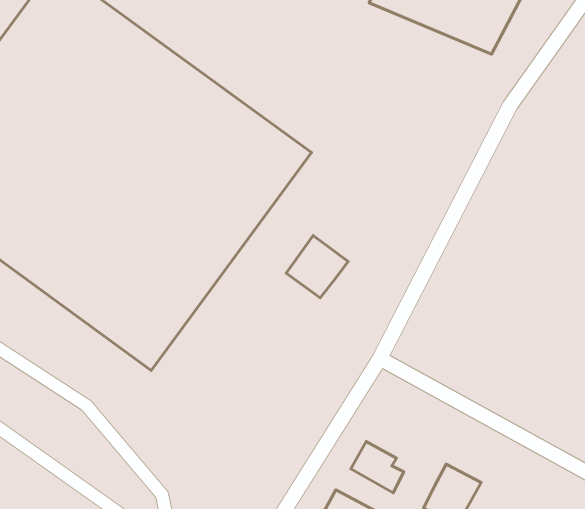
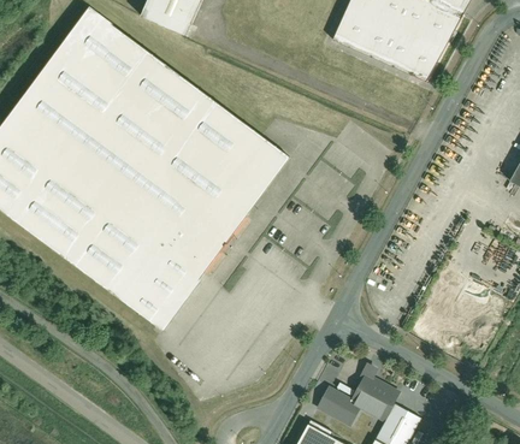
building: [286,235,348,298] -> none
building: none -> [350,372,401,420]

